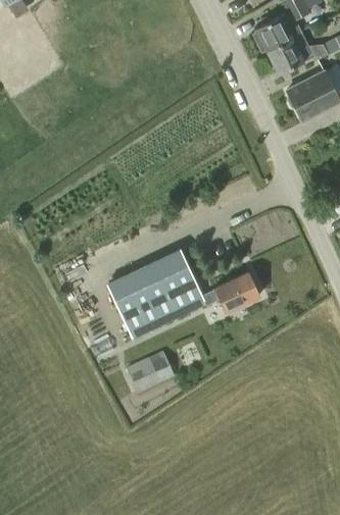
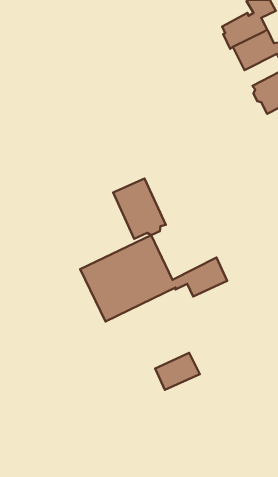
building: none -> [113,178,166,239]
building: [128,352,175,391] -> [155,353,200,390]

